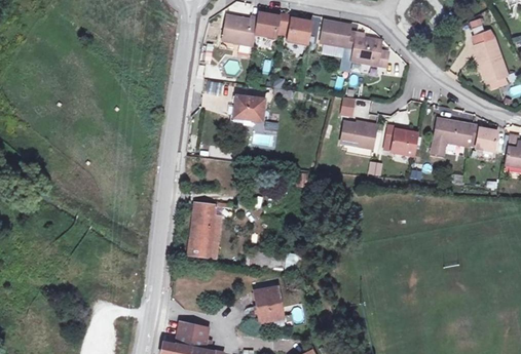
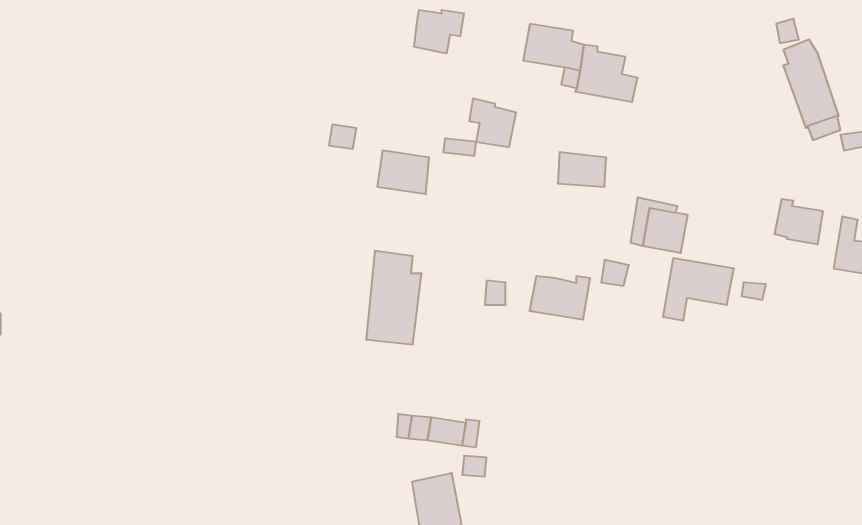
building: [283,14,310,43] -> [469,99,516,147]
building: [222,15,257,43] -> none
building: [431,118,473,155] -> [663,258,734,320]
building: [340,122,376,148] -> [529,276,590,320]
building: [188,202,221,258] -> [366,251,422,345]

